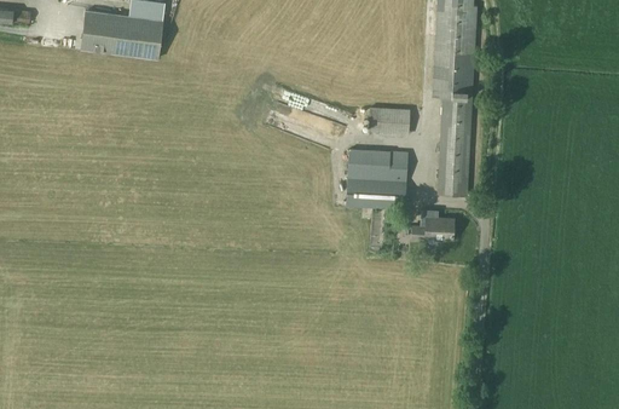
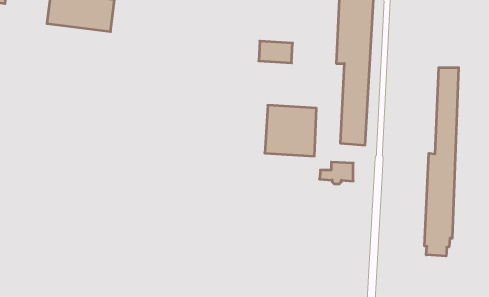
building: none -> [425,68,459,256]
building: [368,108,409,134] -> [259,41,293,63]

